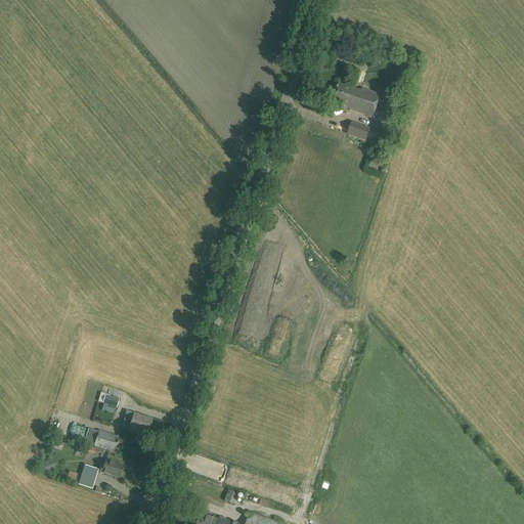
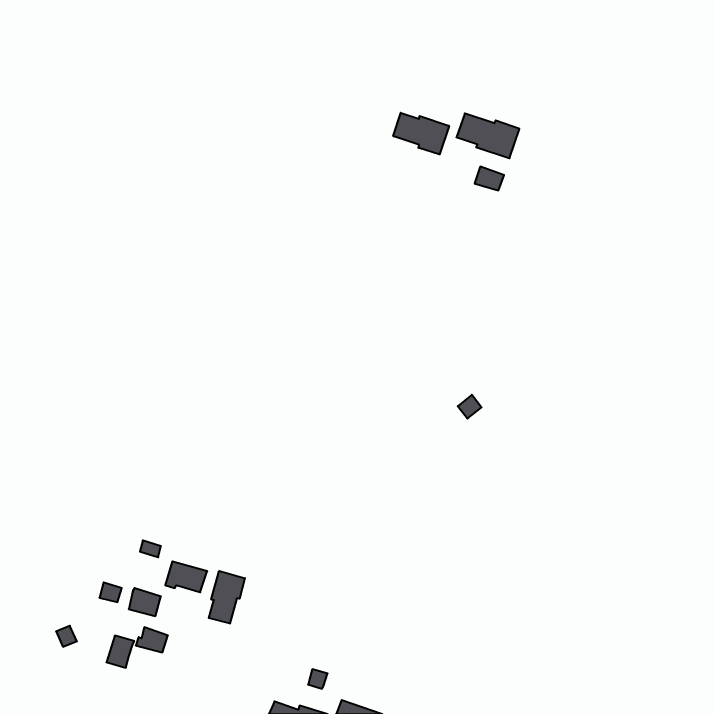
building: none -> [393,113,449,154]
building: none -> [209,571,245,624]

